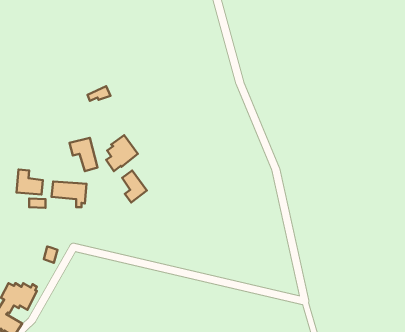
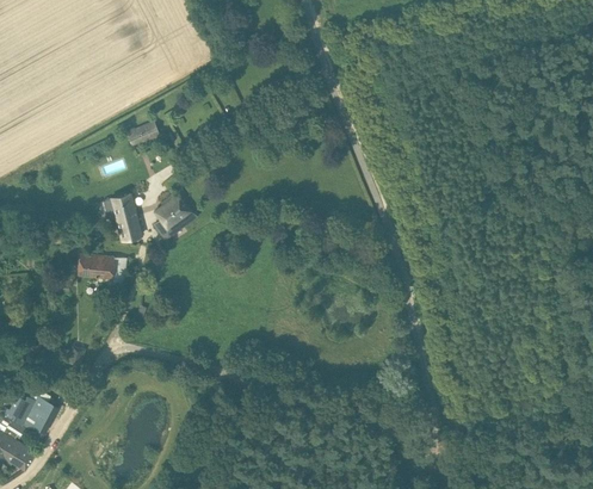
building: [17,169,43,195] -> none
building: [122,171,147,202] -> none

